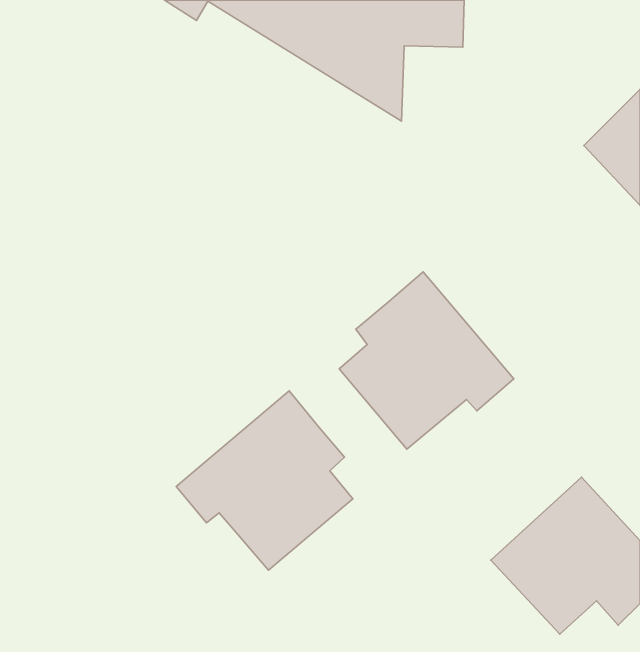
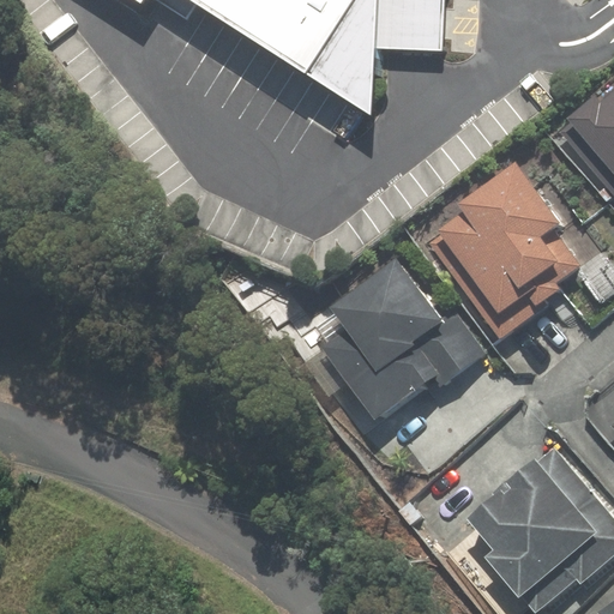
building: none -> [420,159,580,342]
building: [176,391,353,570] -> none

